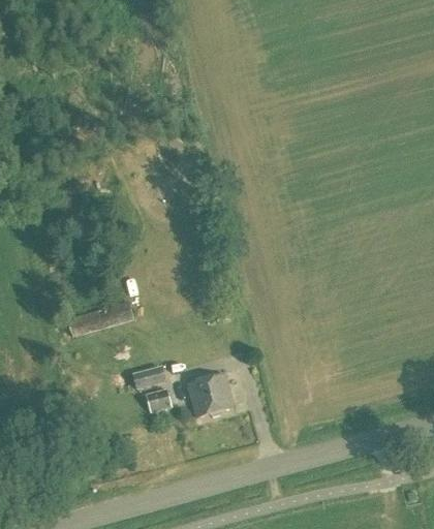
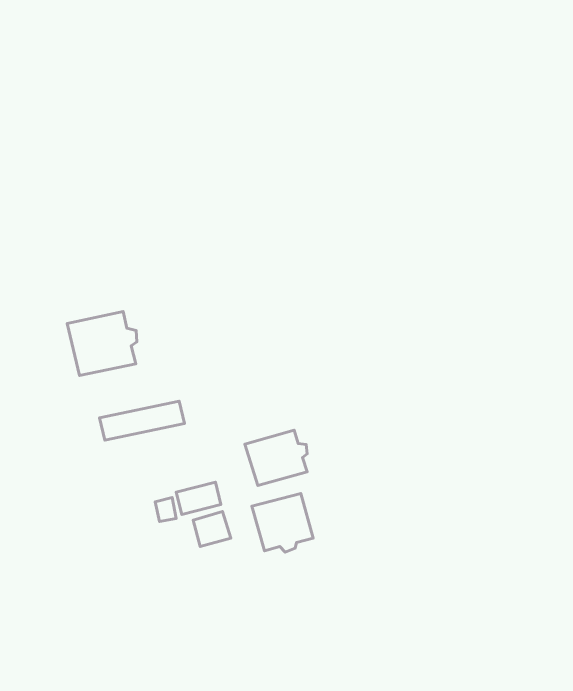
building: none -> [67,312,137,376]
building: none -> [245,430,307,486]

